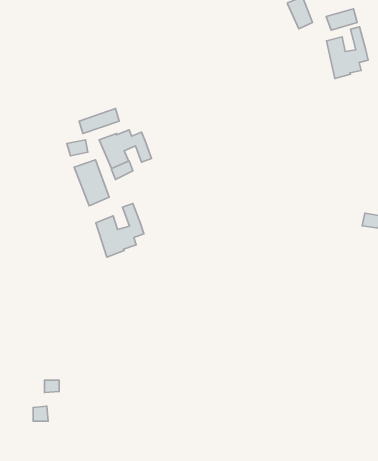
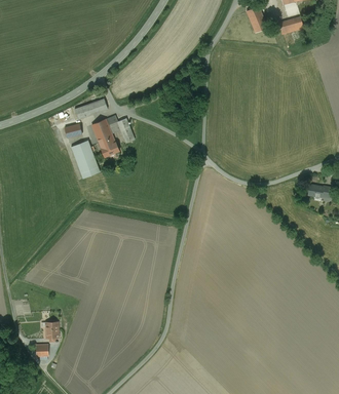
building: [327,27,368,78] -> none
building: [96,203,144,257] -> none

